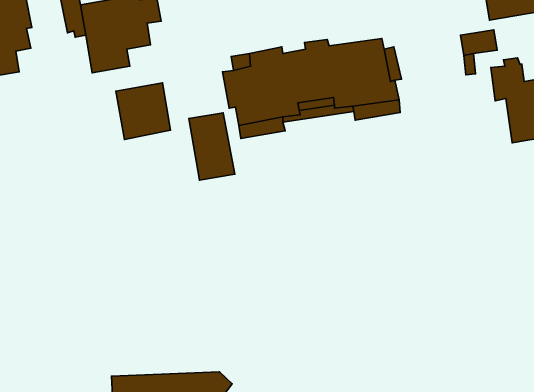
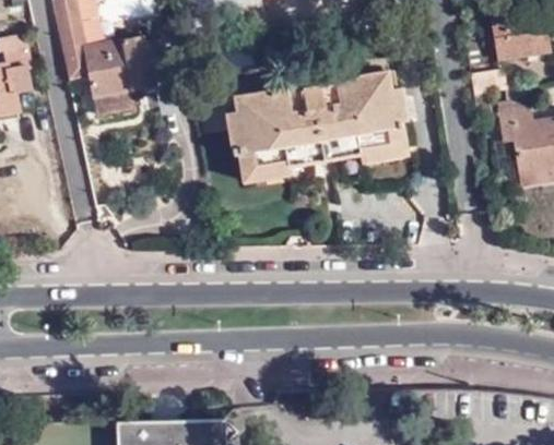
building: [116,83,171,140] -> none
building: [189,113,235,180] -> none

